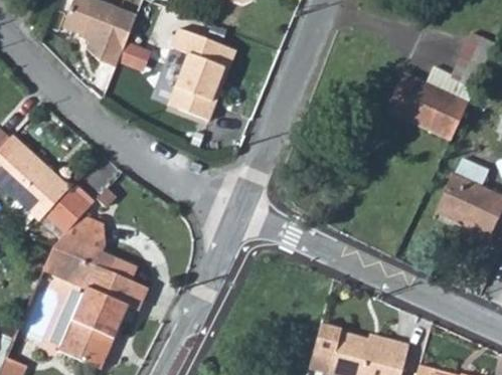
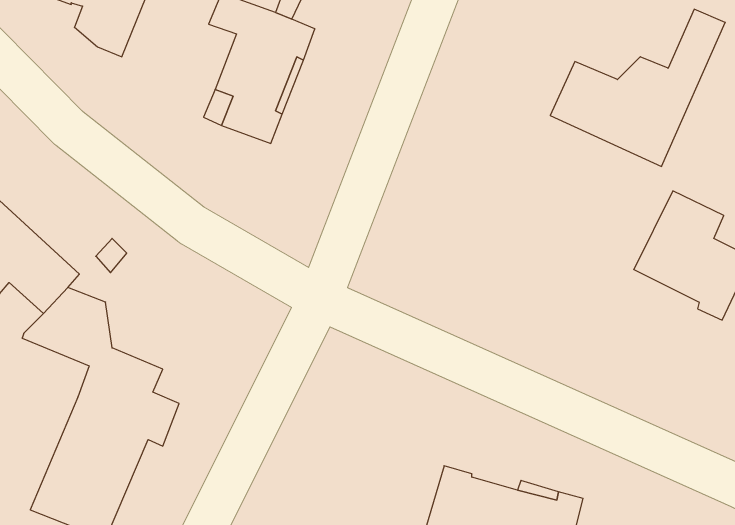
building: [49,243,99,279] -> none

